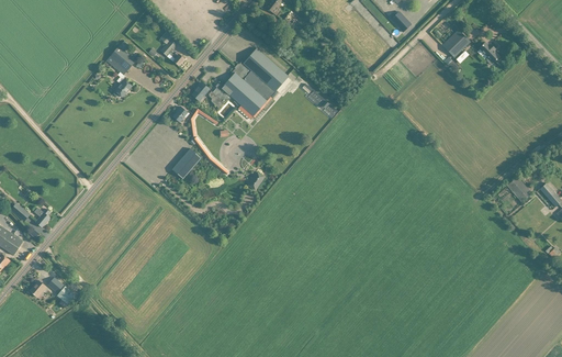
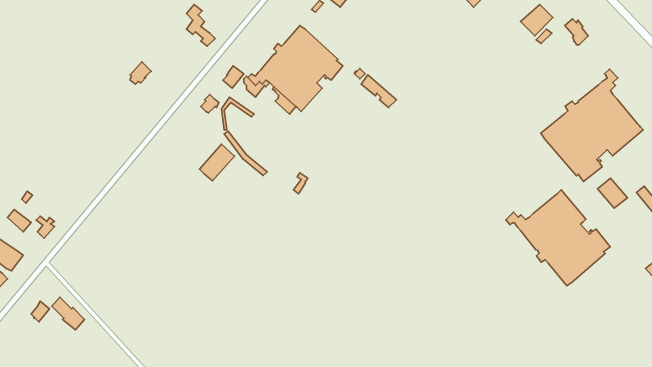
building: [105,45,135,74] -> none
building: none -> [541,69,643,182]
building: none -> [506,190,610,286]

